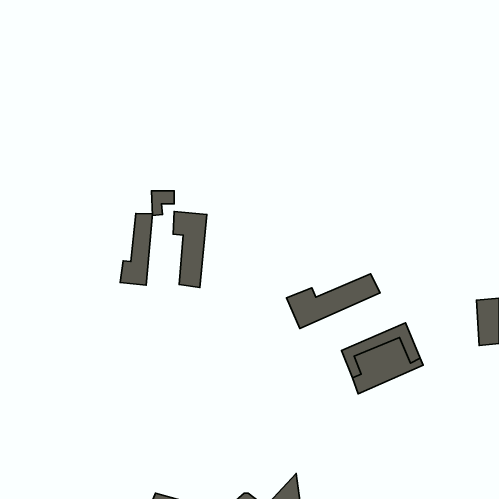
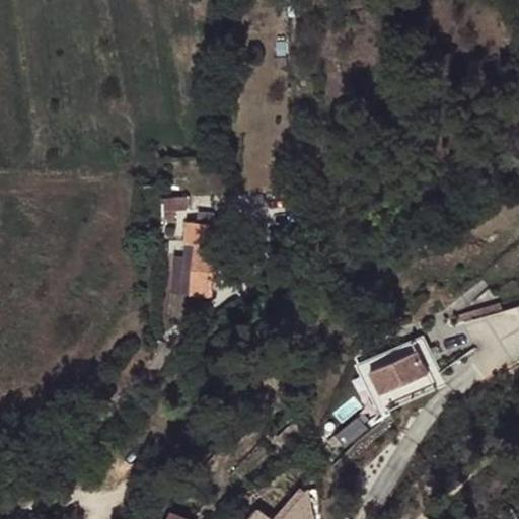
building: [120,213,152,285] -> none
building: [286,274,380,329] -> none

